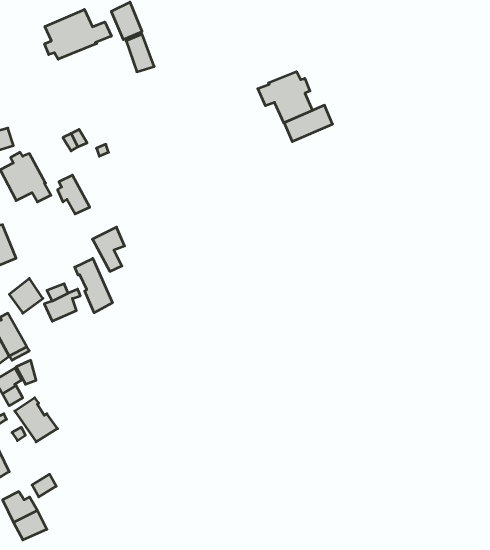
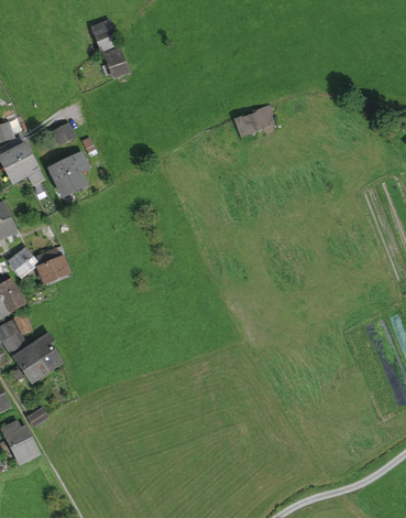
building: [45,9,111,59] -> none
building: [258,72,313,123] -> none
building: [92,227,125,271] -> [61,152,87,188]
building: [75,258,112,313] -> none
building: none -> [30,334,61,370]

